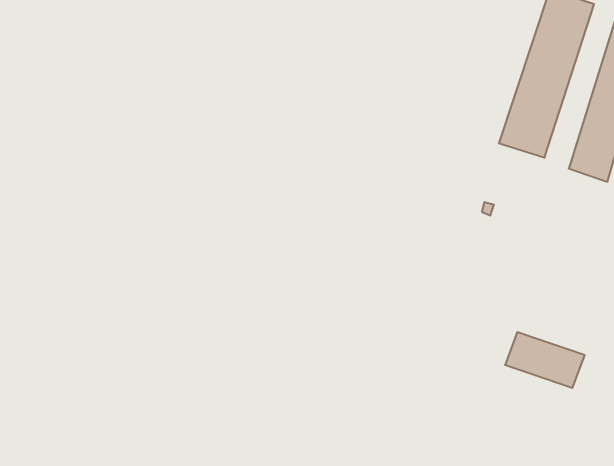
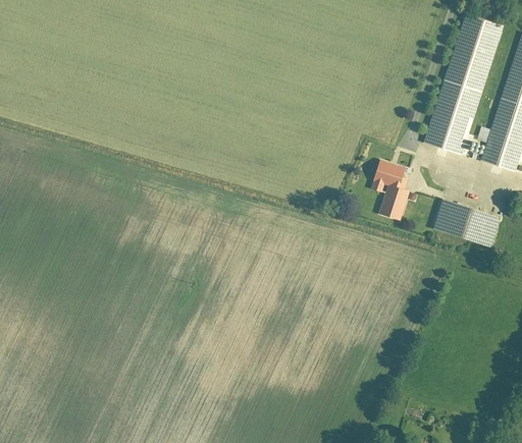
building: none -> [371,159,410,219]
building: [505,332,585,388] -> [432,199,500,245]

